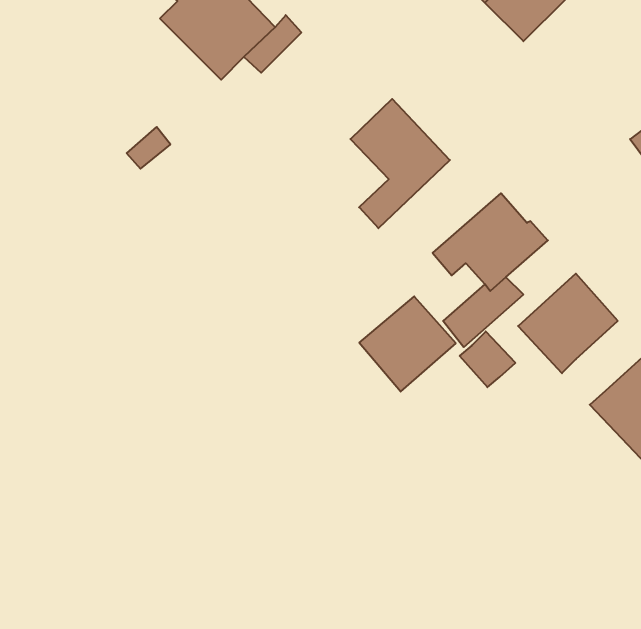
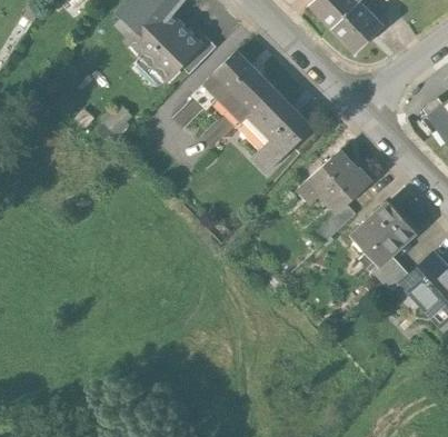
building: none -> [203,52,273,122]
building: [359,296,456,392] -> none
building: [460,331,515,387] -> [374,256,409,291]

